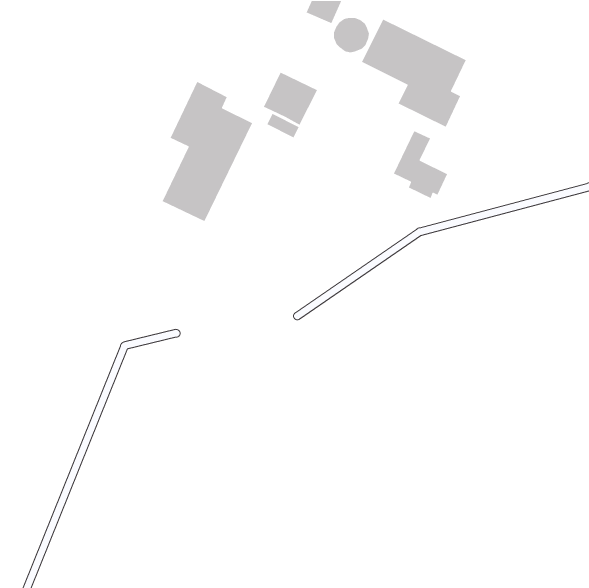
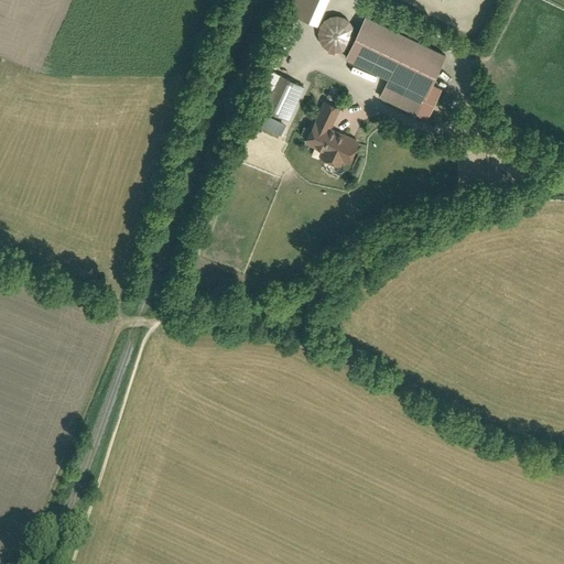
building: [162,81,253,222] -> none
building: [393,130,448,199] -> [303,100,356,166]

